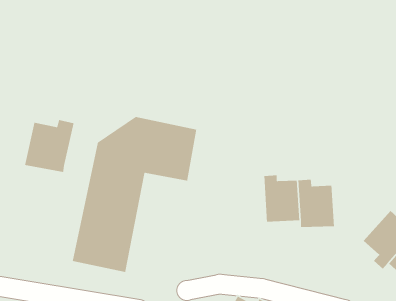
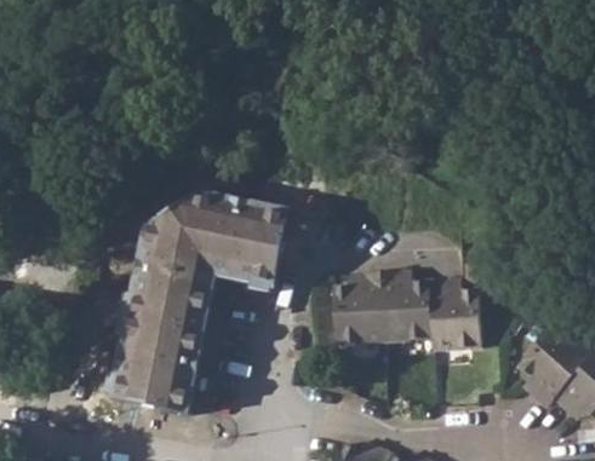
building: [24,119,74,173] -> none
building: none -> [327,276,381,344]

